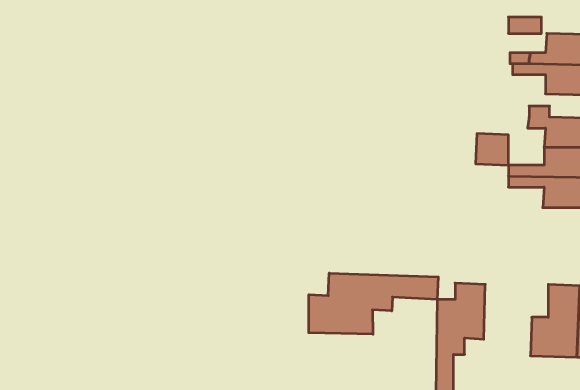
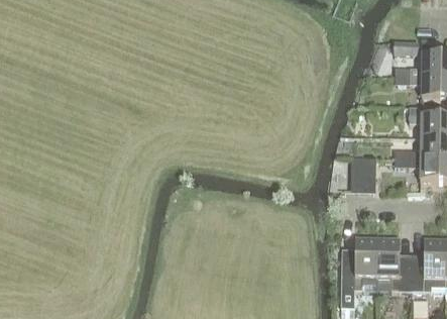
building: [476,134,508,165] -> [350,157,374,181]
building: [309,273,438,334] -> none
building: none -> [375,238,411,291]

